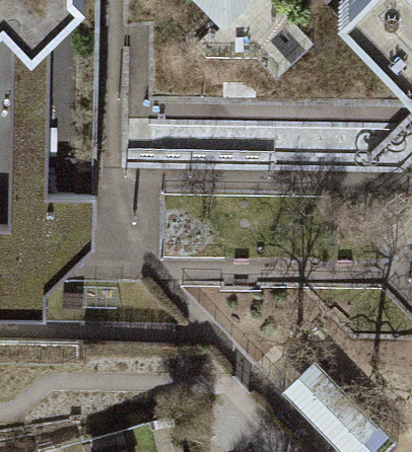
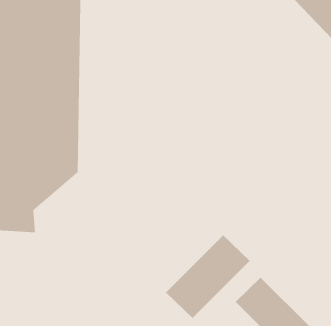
building: none -> [165,235,251,319]

